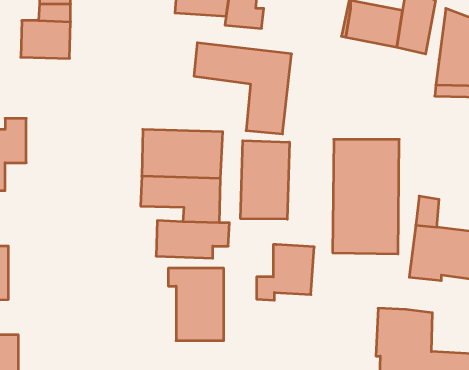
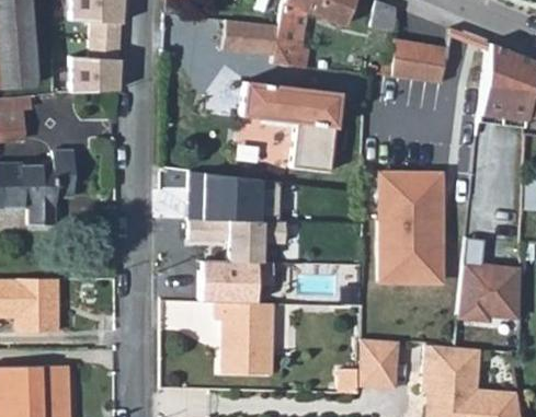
building: [241,141,289,219] -> none
building: [257,245,314,300] -> [341,337,398,392]

